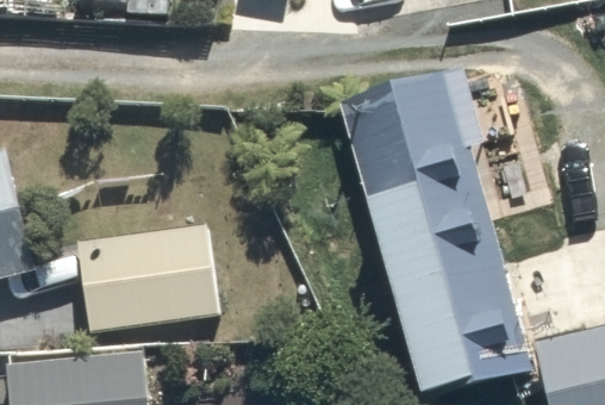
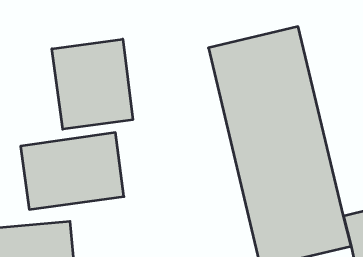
building: none -> [52,39,133,129]

